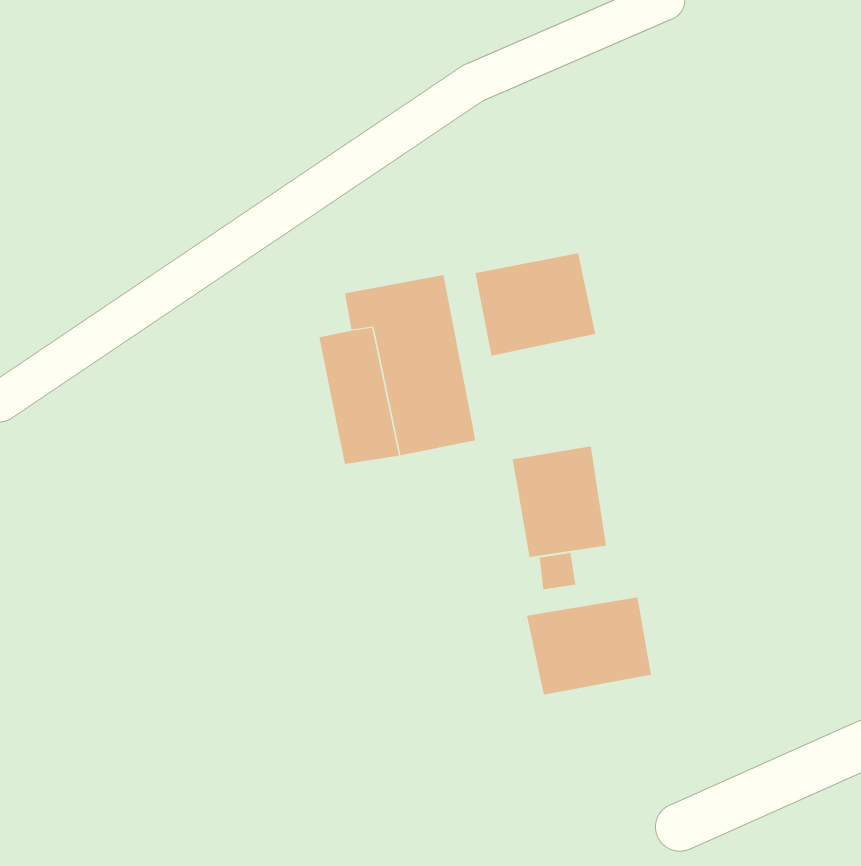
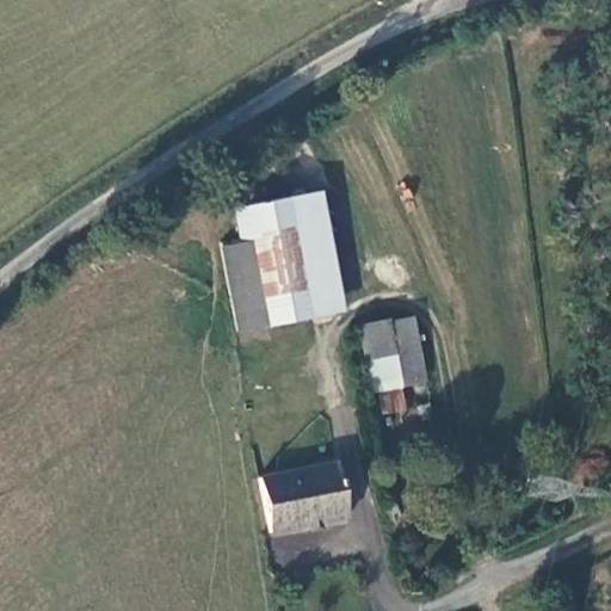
building: [475,253,596,357] -> none
building: [526,597,652,695] -> [259,463,347,532]

